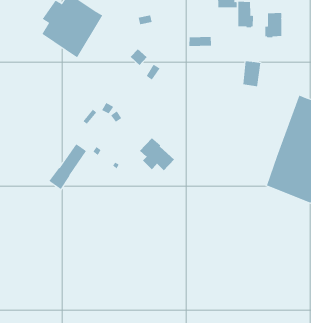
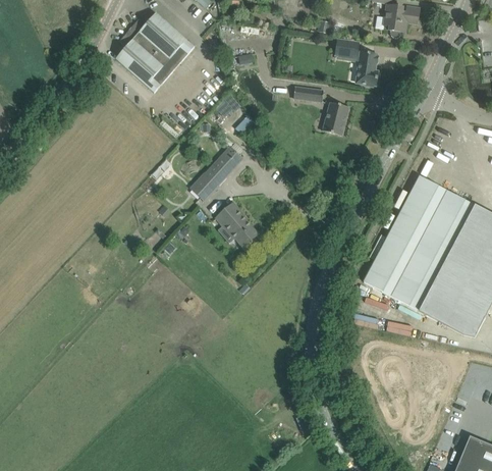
building: [265,12,282,38] -> none
building: [242,61,261,87] -> [322,102,348,136]
building: [48,144,87,190] -> [189,147,241,201]

